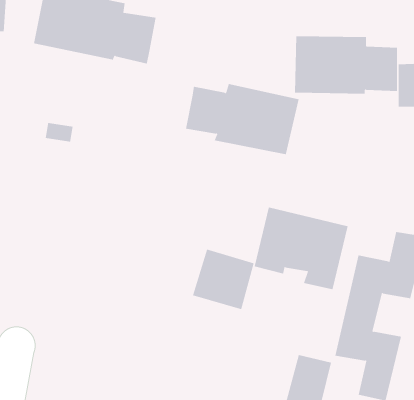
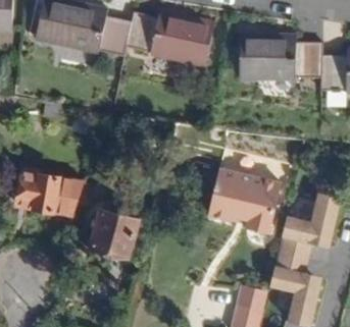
building: [185,84,299,155] -> [126,10,215,66]
building: none -> [17,168,83,246]
building: [192,249,255,310] -> [90,208,139,256]

